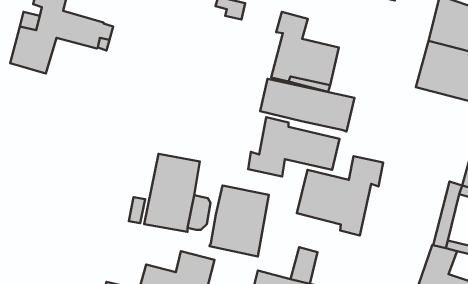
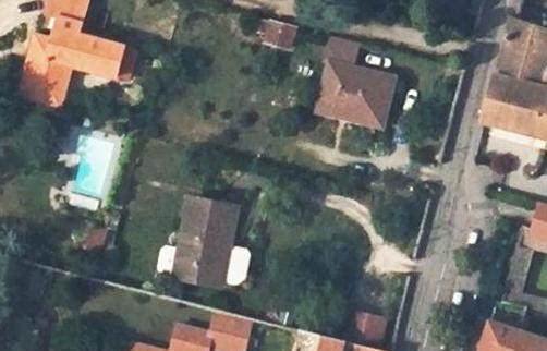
building: [260,79,354,131] -> none
building: [248,117,339,176] -> none
building: [297,156,383,236] -> none
building: [209,185,269,257] -> none

